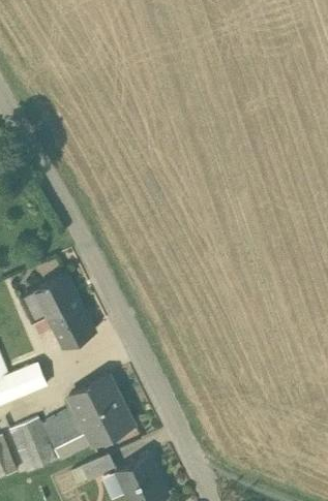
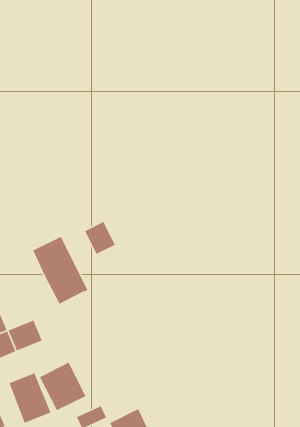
building: none -> [84,221,116,255]
building: [19,289,48,323] -> none
building: [68,376,133,444] -> none

